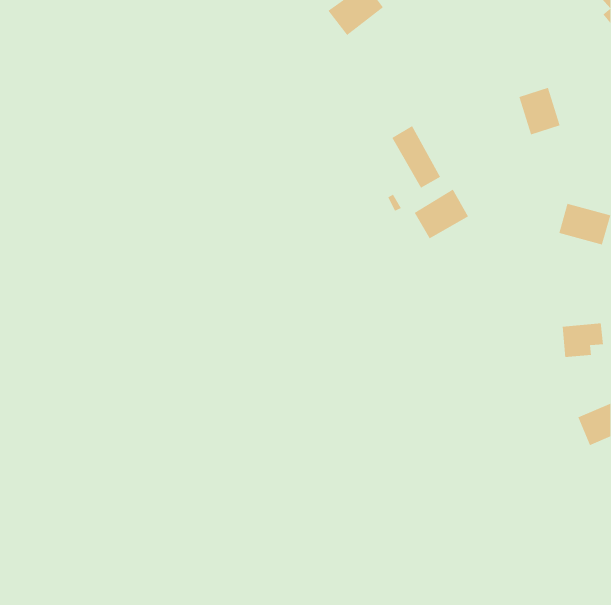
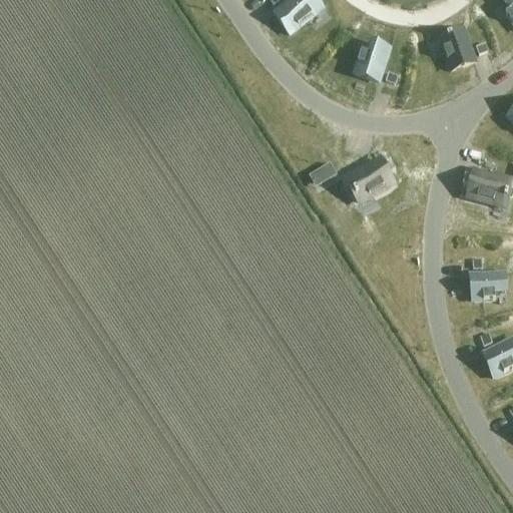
building: none -> [355,42,390,79]
building: [519,87,560,135] -> [438,28,473,68]
building: [391,125,441,188] -> none

